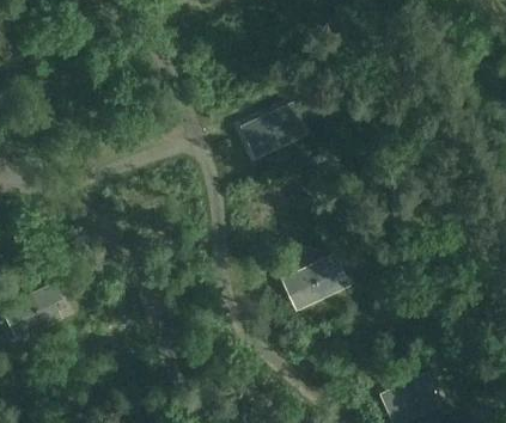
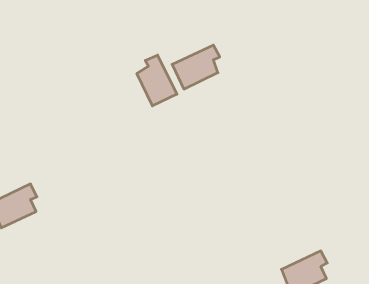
building: none -> [137,55,177,106]
building: [282,253,343,311] -> none

